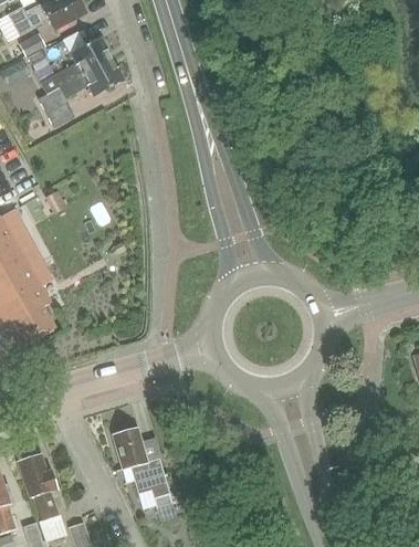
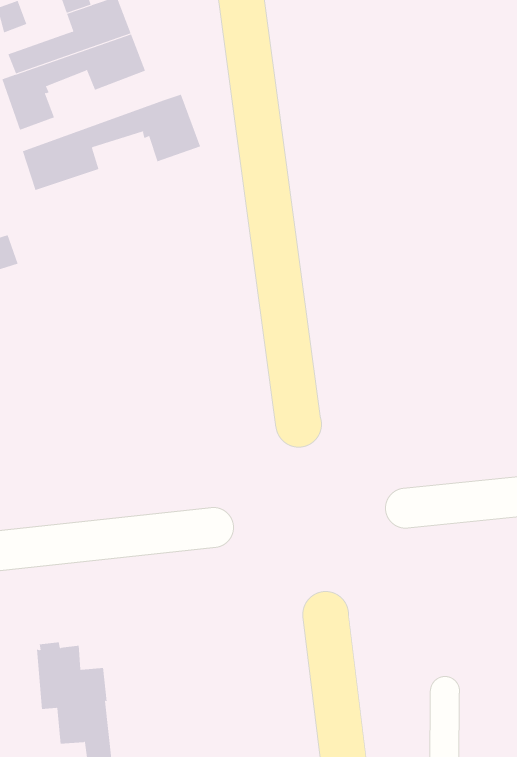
building: none -> [22,94,201,191]

